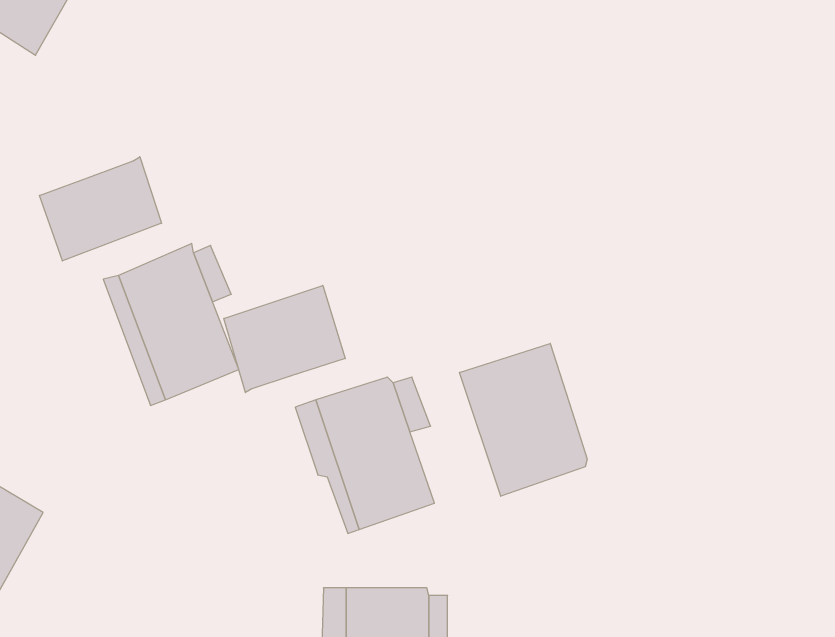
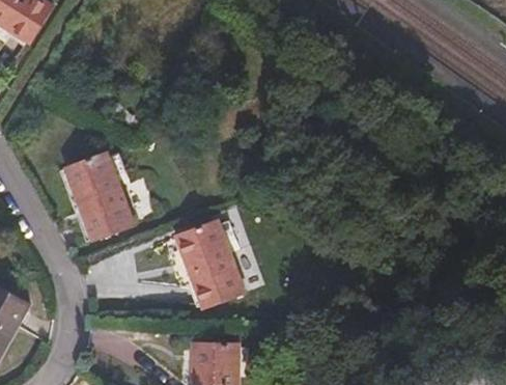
building: [39,157,162,261] -> none
building: [224,285,345,393] -> none
building: [460,343,587,496] -> none

